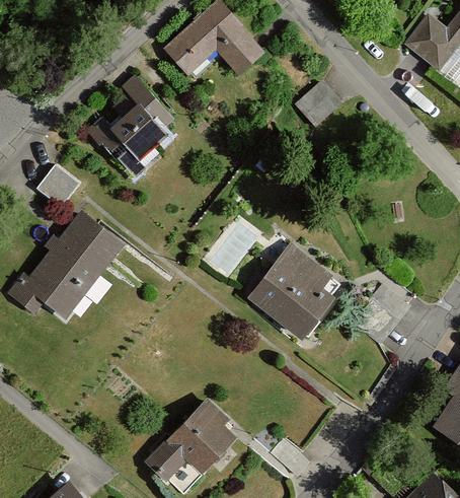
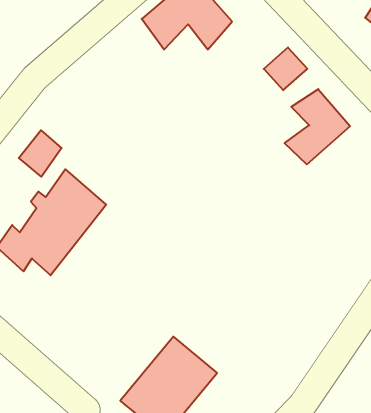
building: [90,74,178,187] -> none
building: none -> [285,89,350,164]
building: [247,240,338,337] -> none

